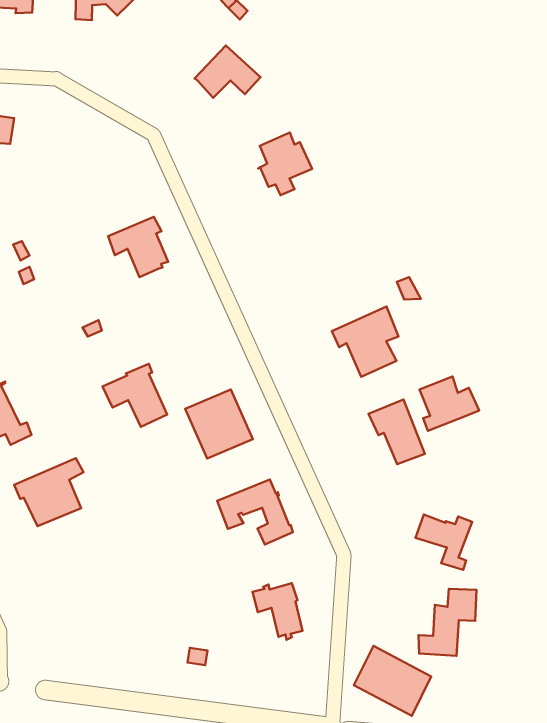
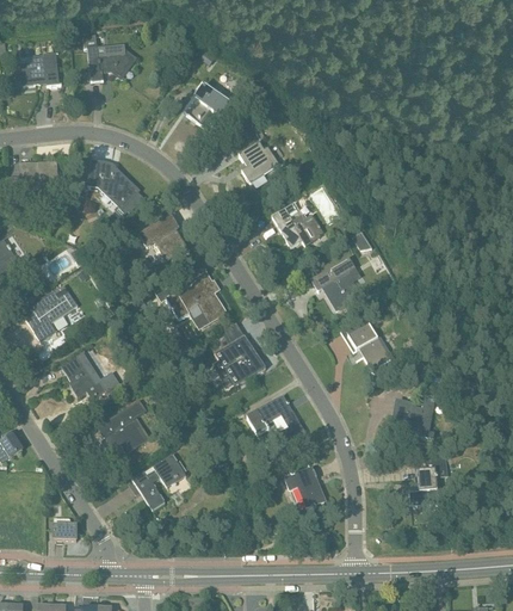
building: none -> [87,160,137,206]
building: none -> [271,200,322,246]
building: [102,364,167,427] -> [175,273,225,320]
building: [419,376,479,431] -> none
building: none -> [128,452,186,510]
building: [354,646,431,716] -> none

